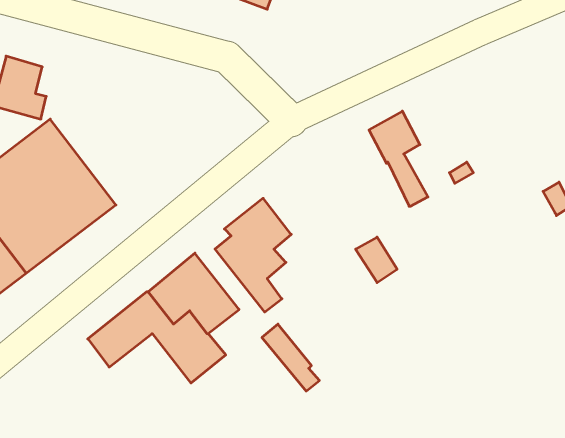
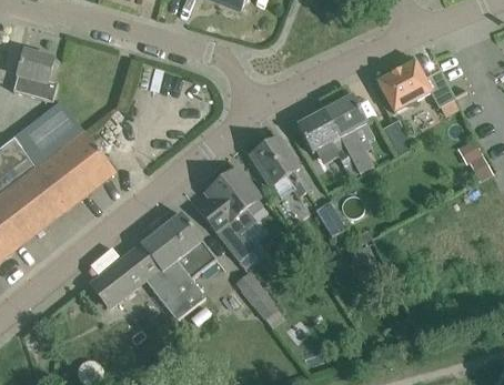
building: none -> [376,59,454,110]
building: none -> [296,109,357,175]
building: none -> [250,134,311,196]

